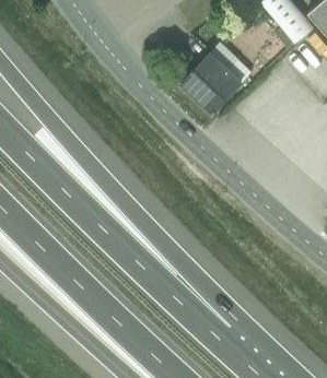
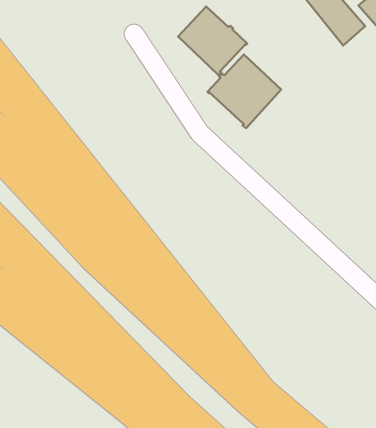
building: none -> [178,6,247,75]

